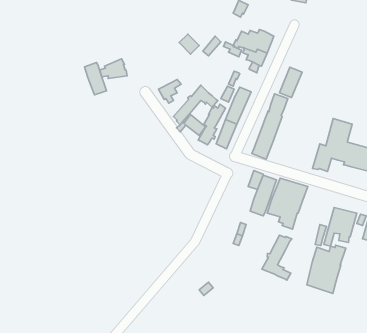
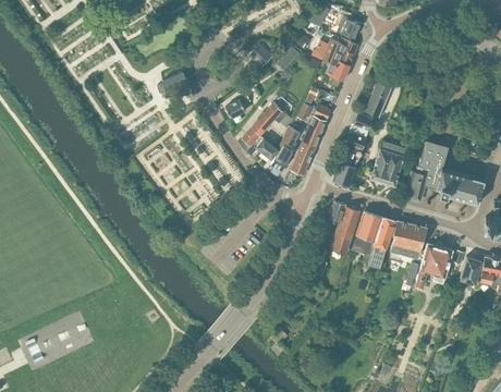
building: none -> [334,10,362,40]
building: [85,63,107,95] -> none
building: none -> [369,147,404,185]
building: none -> [390,220,426,258]
building: [262,235,292,280] -> none
building: [307,245,346,294] -> none

